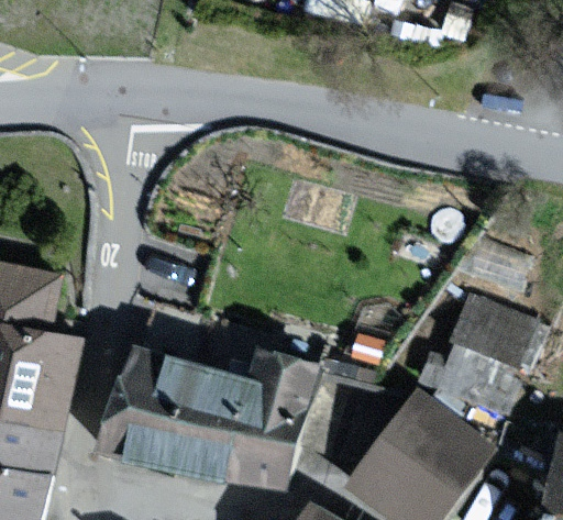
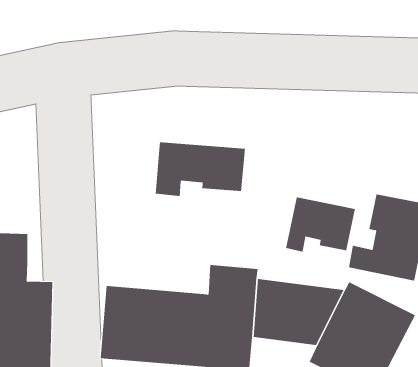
building: none -> [155,141,246,197]
building: none -> [286,197,356,253]

